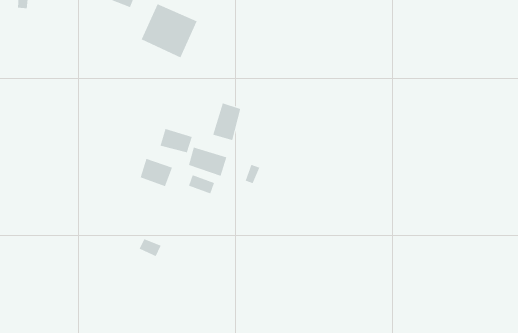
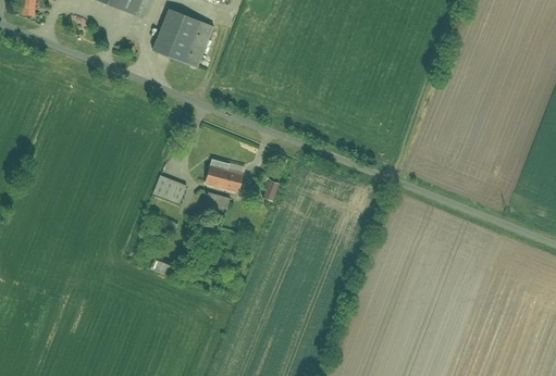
building: [212,102,241,141] -> none
building: [160,128,193,153] -> none

